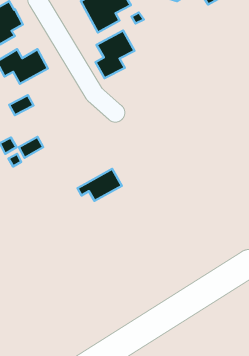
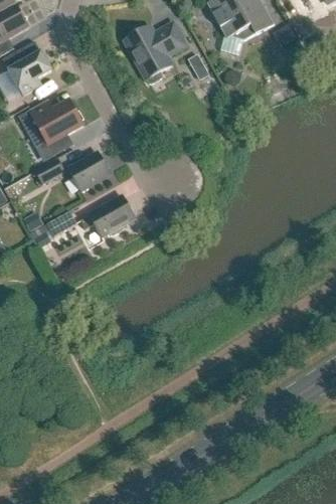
building: [95,30,134,78] -> none
building: none -> [67,152,110,189]
building: [78,169,122,201] -> [79,195,135,235]

